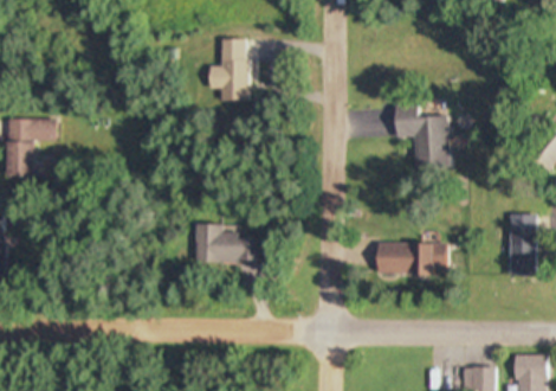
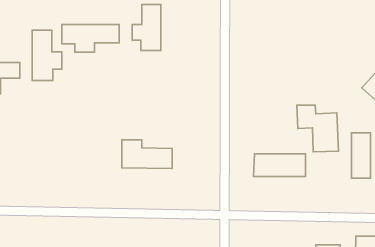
building: none -> [62,25,119,52]
building: none -> [32,30,62,81]
building: [393,104,450,168] -> [297,105,338,152]

